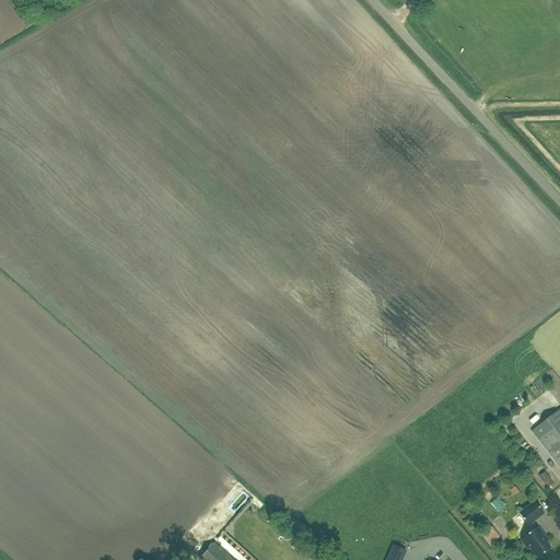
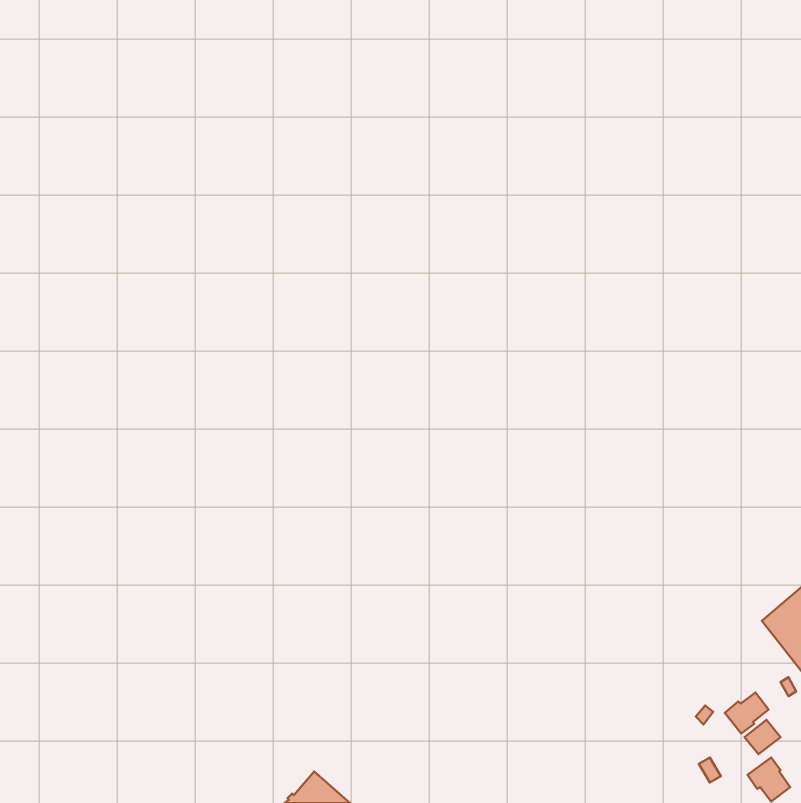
building: none -> [725,693,768,734]

